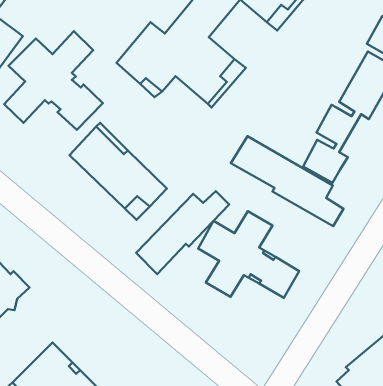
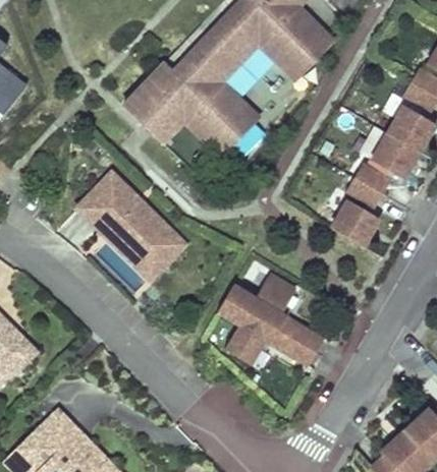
building: [4,31,103,130] -> none
building: [231,136,344,226] -> none
building: [136,191,229,274] -> none

